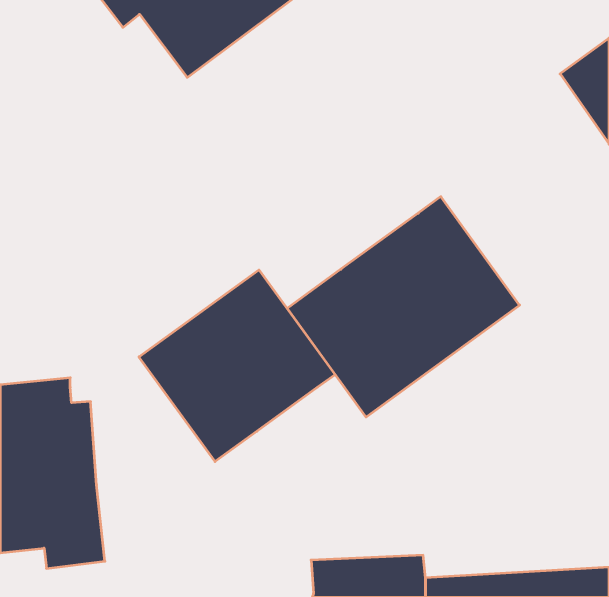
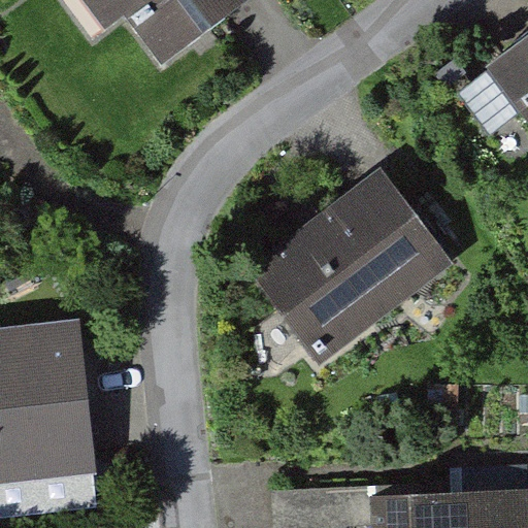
building: [139,270,335,462] -> none

